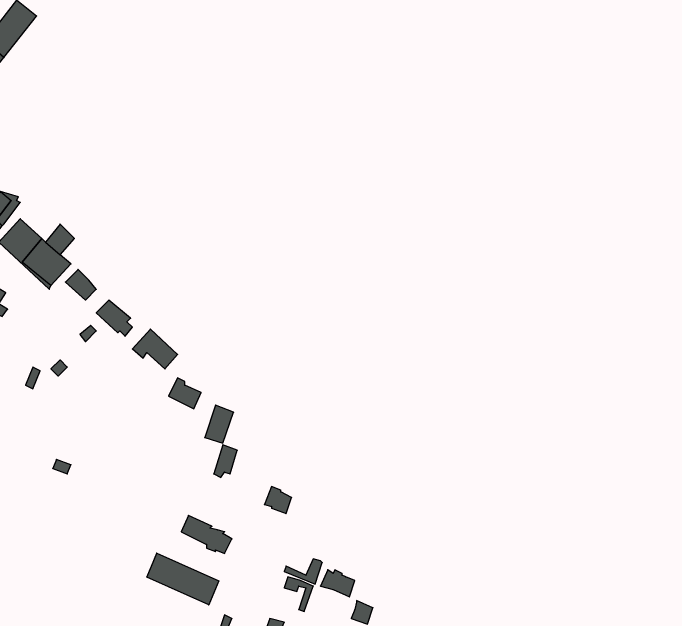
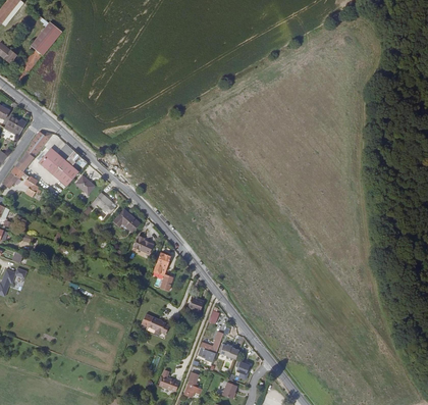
building: [147,553,219,605] -> none

